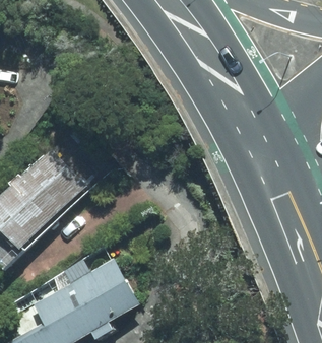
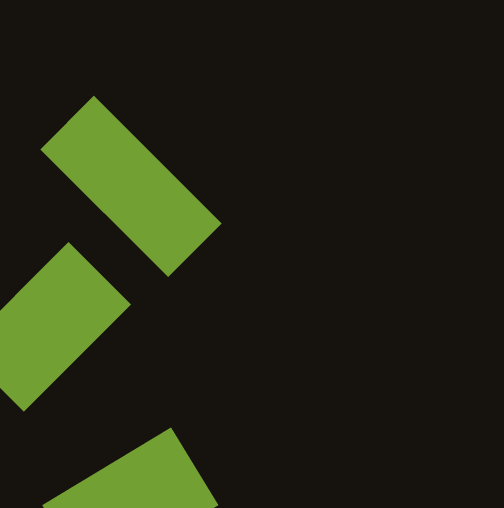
building: none -> [39,95,222,278]

